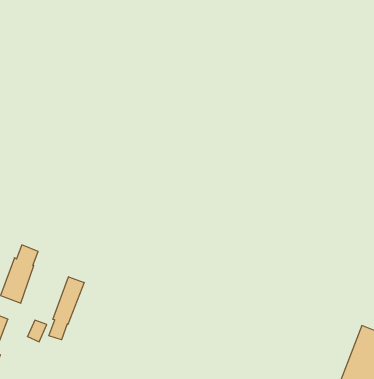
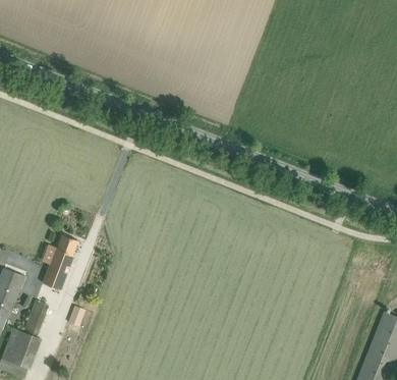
building: [49,277,84,340] -> none

